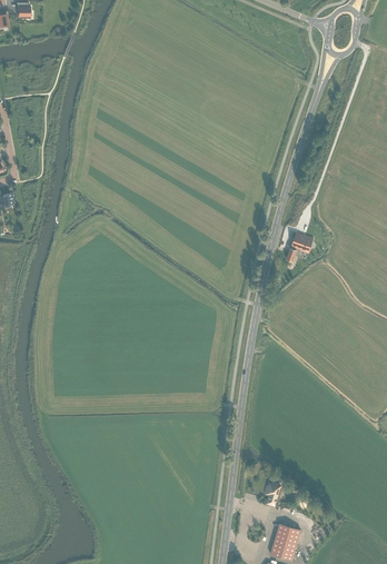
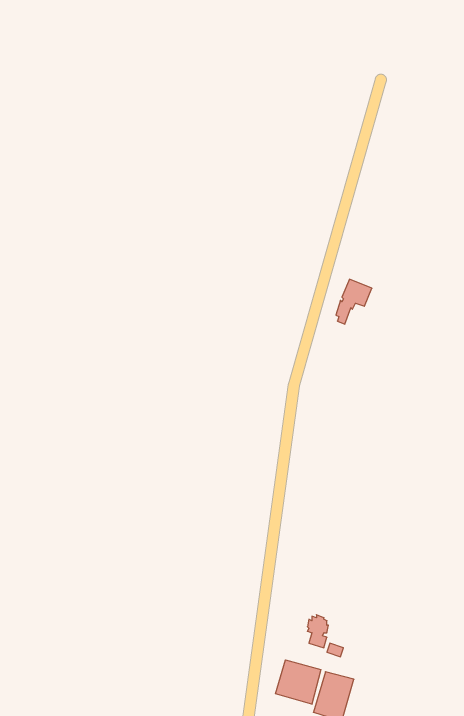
building: none -> [275,660,321,704]

